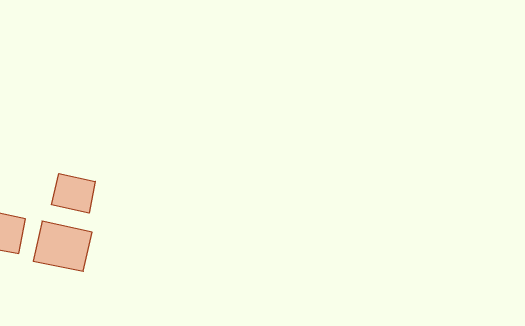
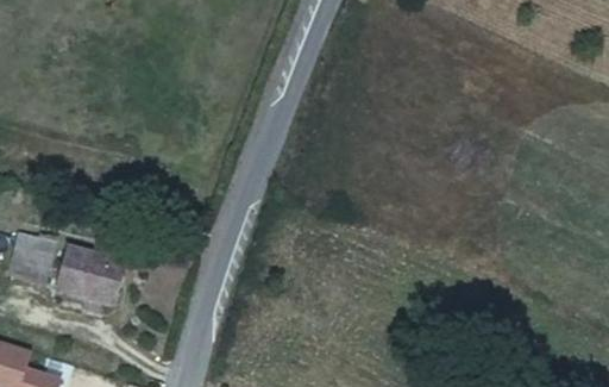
building: [52,174,95,213] -> none

